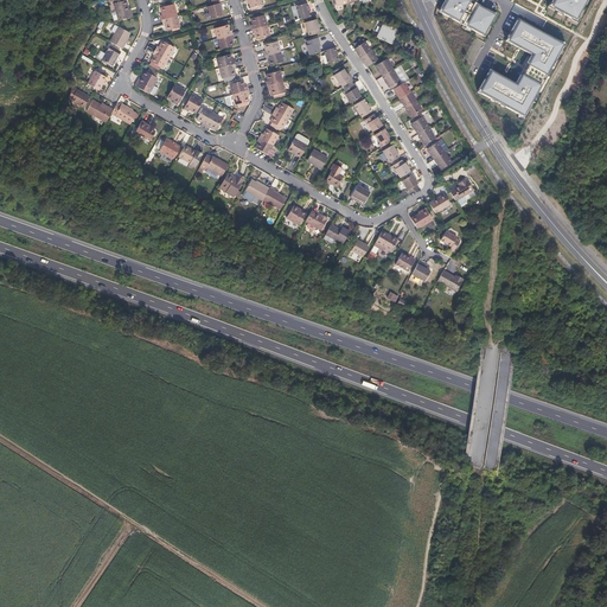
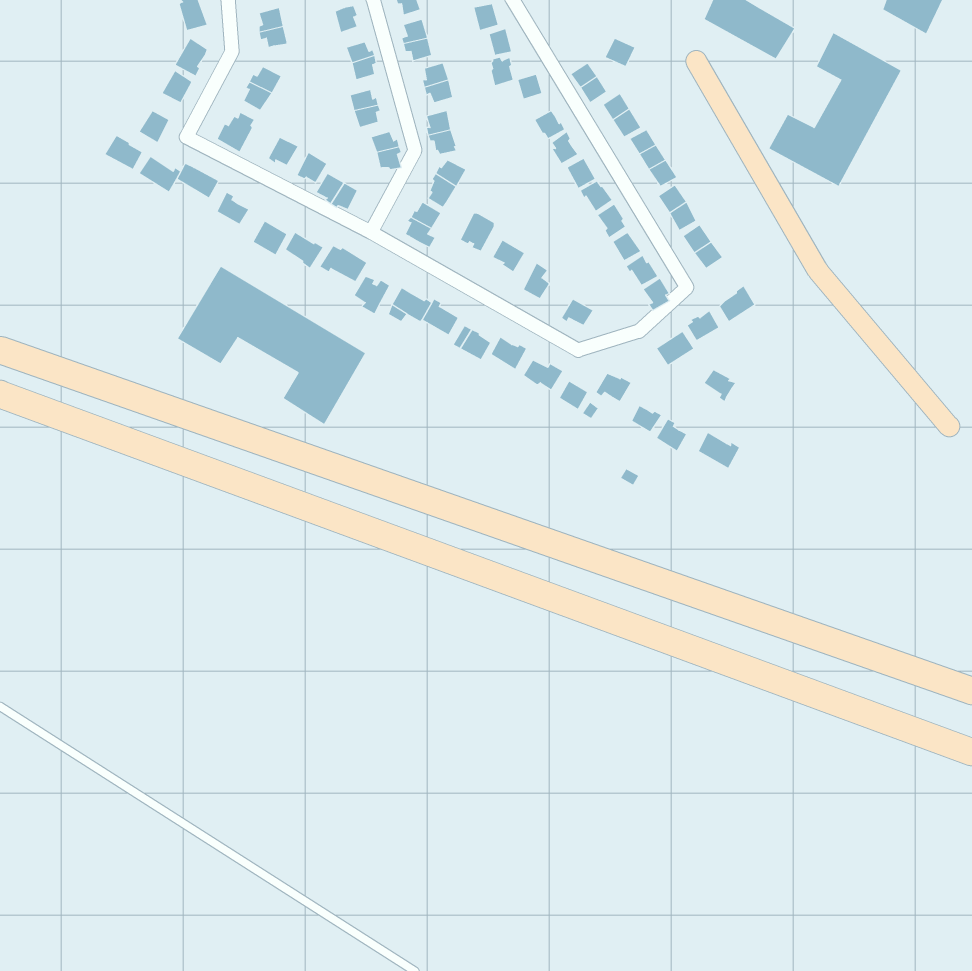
building: none -> [177,266,366,425]

